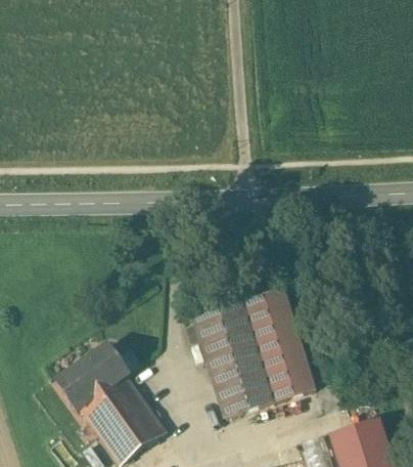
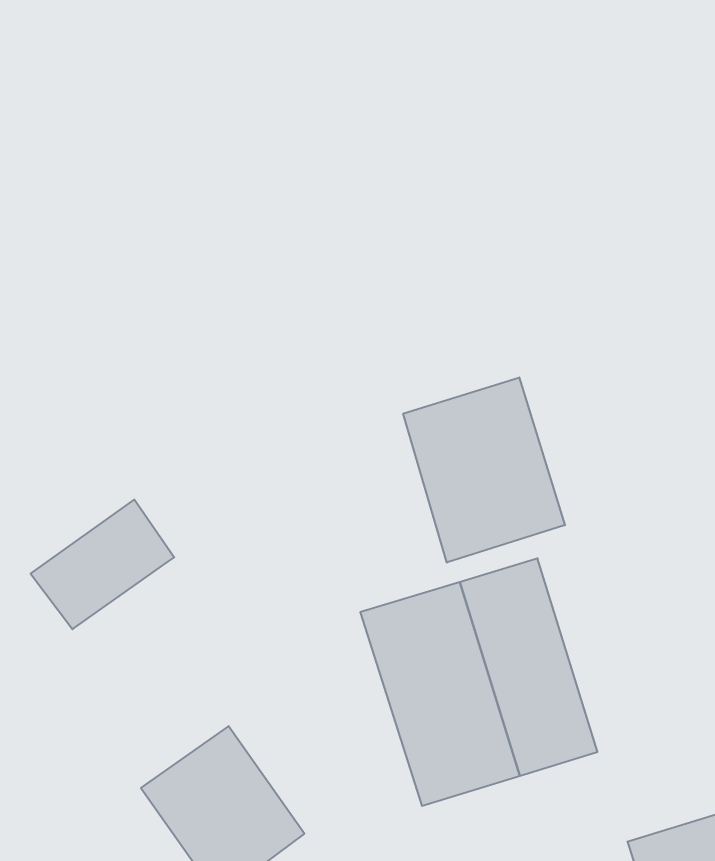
building: none -> [403,377,565,563]
building: [54,343,128,410] -> [31,500,174,629]

